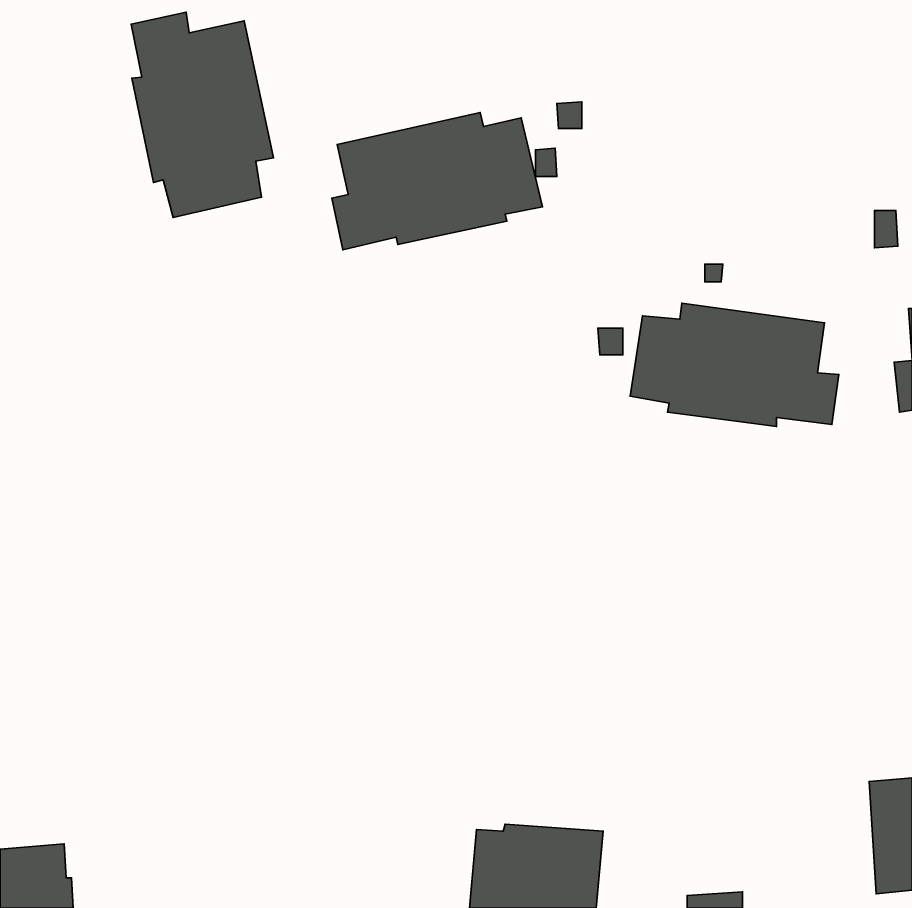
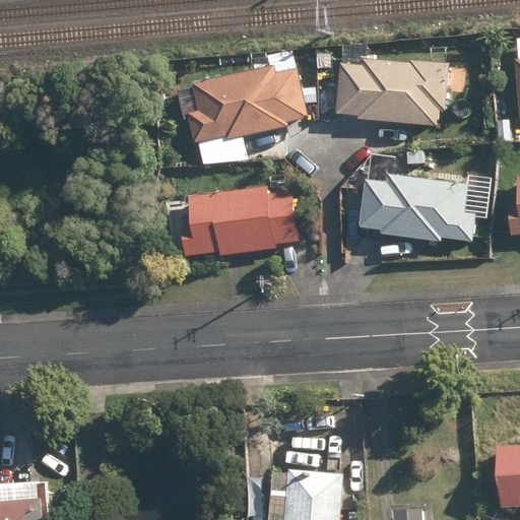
building: [131,12,273,217] -> none
building: none -> [336,60,449,125]
building: none -> [181,186,300,255]

